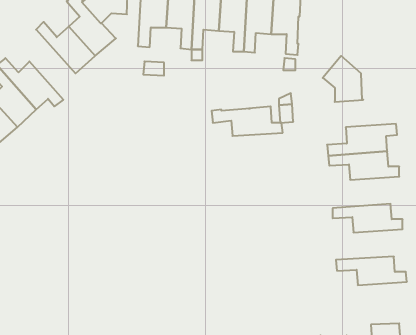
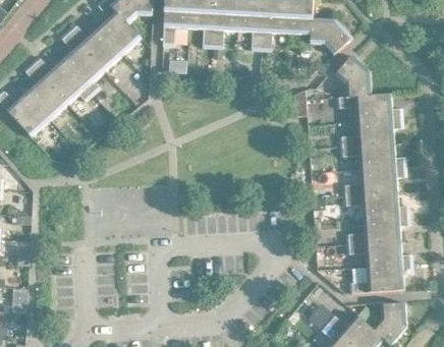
building: none -> [310,17,351,54]
building: none -> [59,30,103,95]
building: [212,106,283,136] -> [335,93,401,120]
building: none -> [341,166,405,195]
building: none -> [344,215,408,243]
building: none -> [348,264,411,293]

